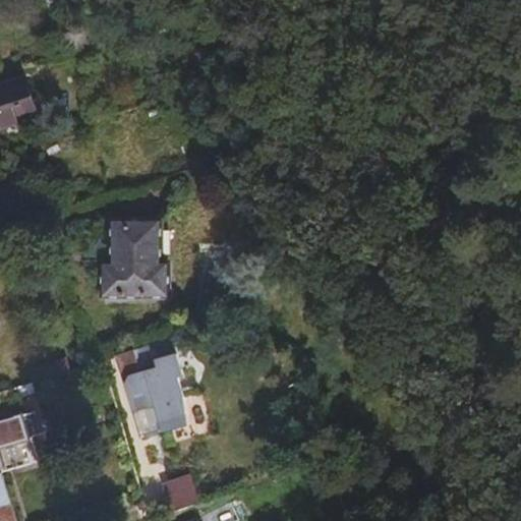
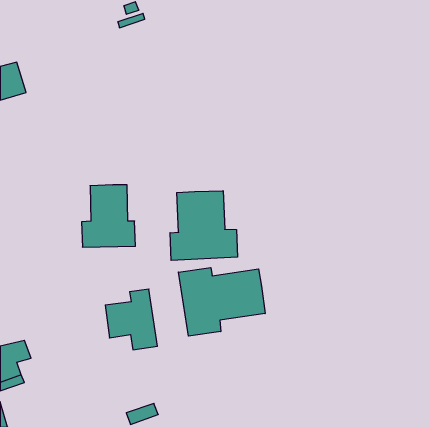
building: none -> [170,191,237,260]
building: none -> [178,268,265,336]

